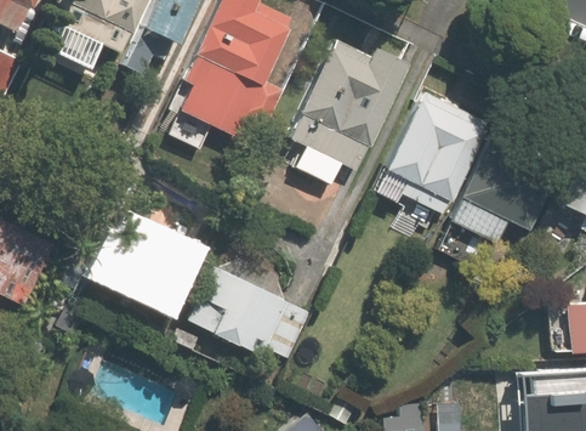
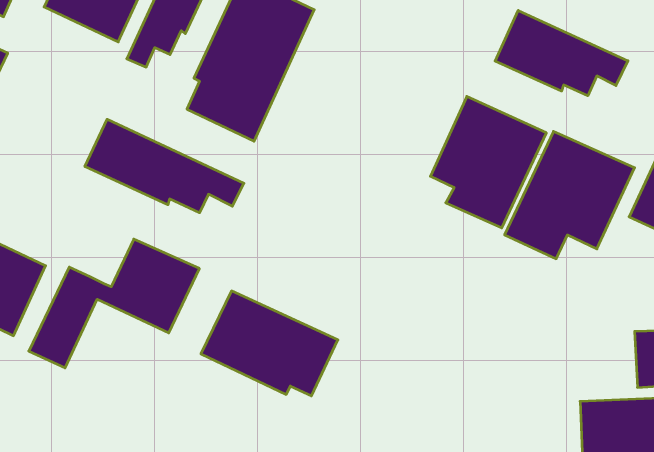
building: none -> [495,10,628,96]
building: [291,42,405,177] -> none
building: none -> [85,119,244,213]

